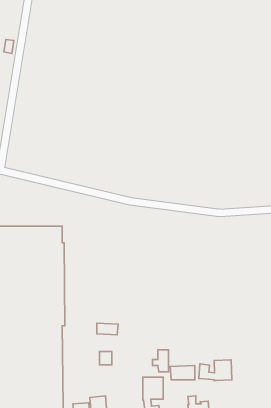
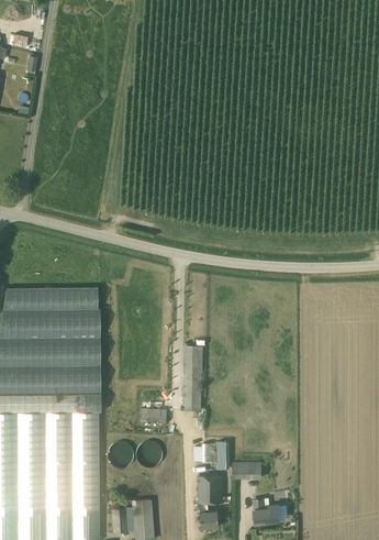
building: none -> [182,346,203,411]
building: [199,360,232,381] -> none

